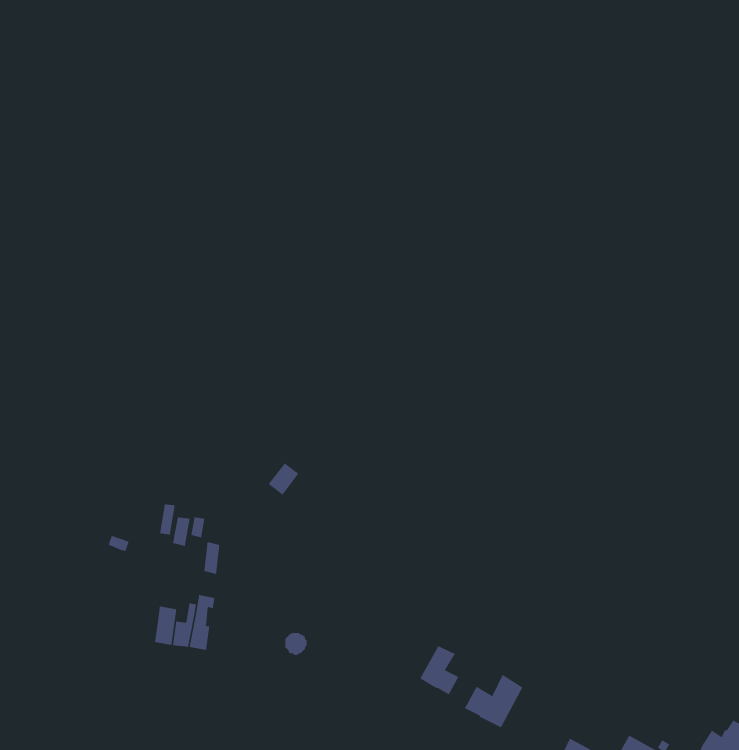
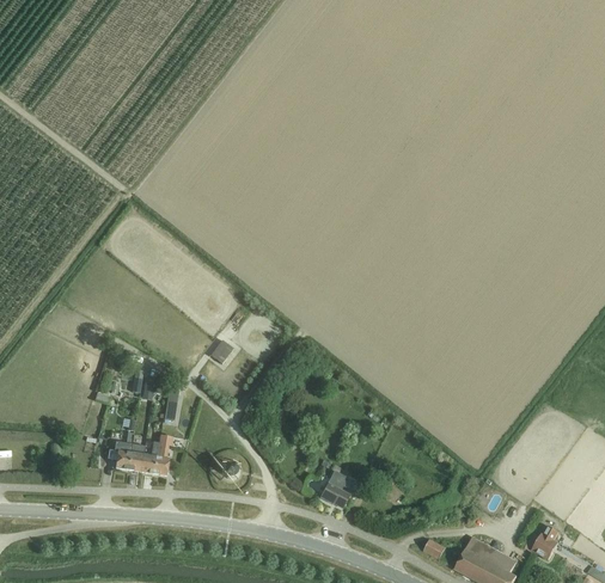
building: none -> [108,431,133,470]
building: [464,674,523,728] -> none

